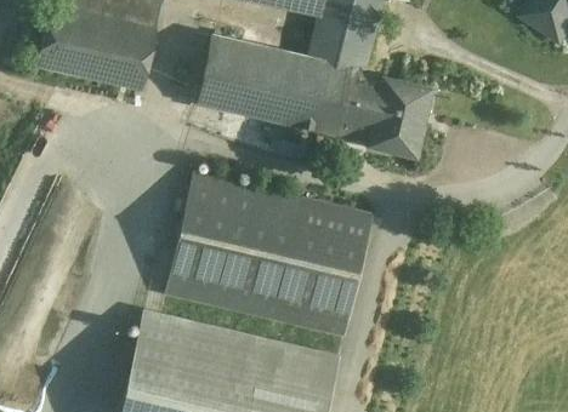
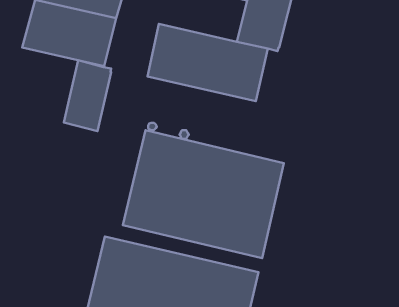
building: [336,68,425,156] -> none
building: none -> [64,60,111,131]

